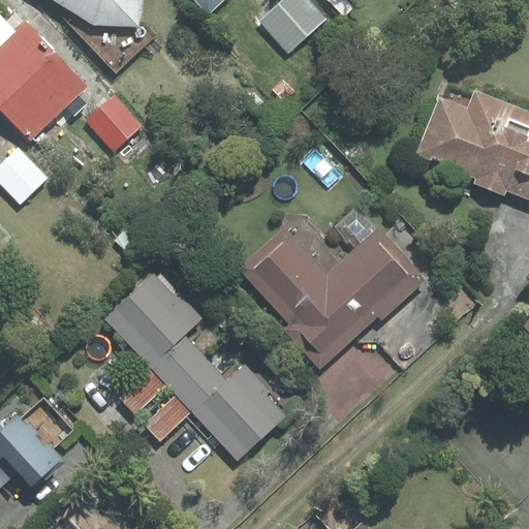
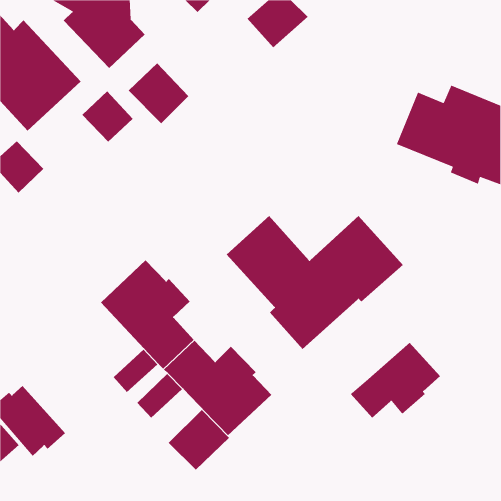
building: none -> [128,63,189,124]
building: none -> [350,342,441,419]
building: none -> [168,409,230,471]

